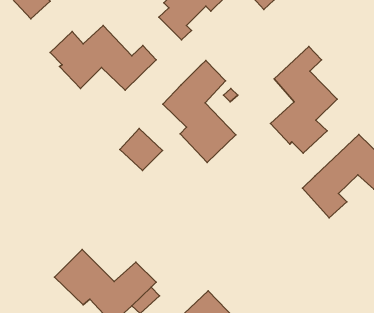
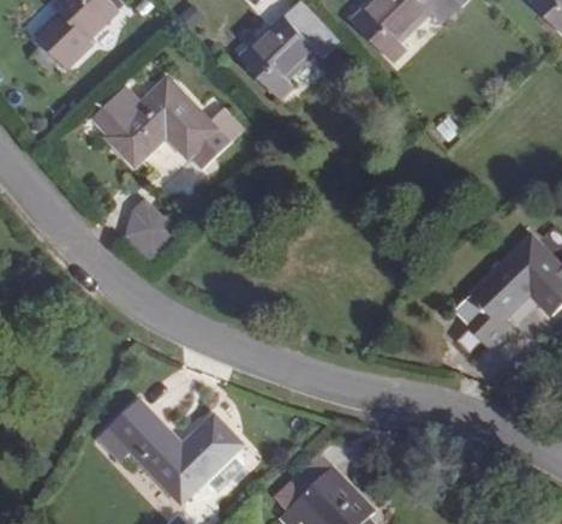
building: [270,47,337,153] -> none
building: [163,61,236,162] -> none
building: [120,129,163,171] -> [114,200,175,260]

